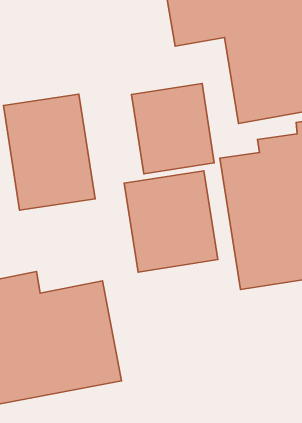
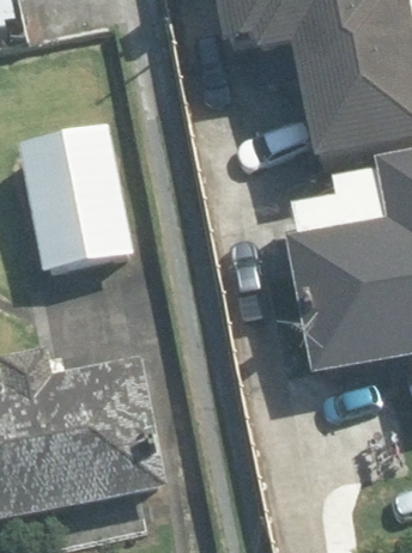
building: [132,83,214,174] -> none
building: [124,171,218,272] -> none

